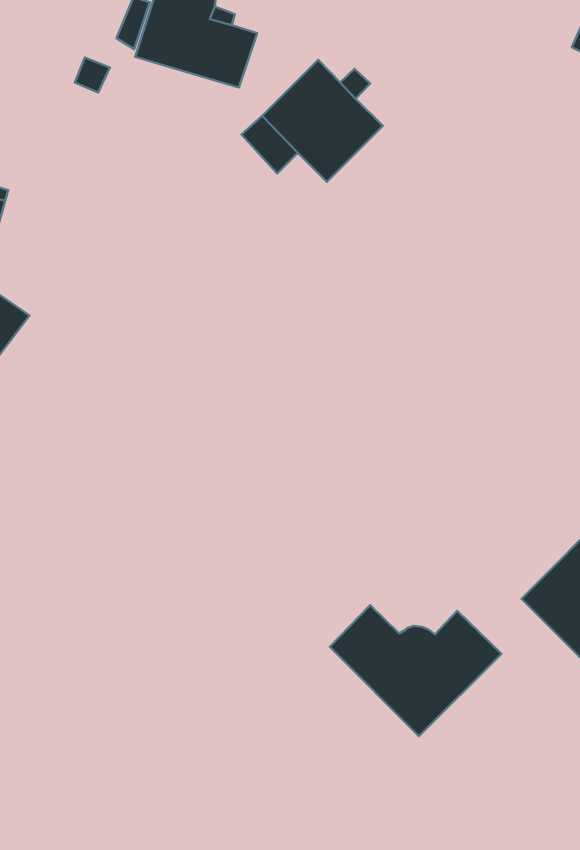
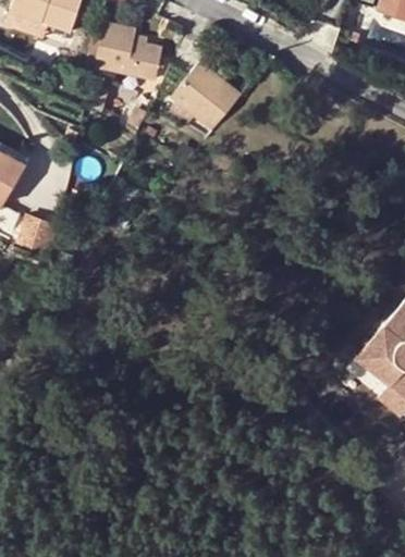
building: [330,605,502,736] -> none

